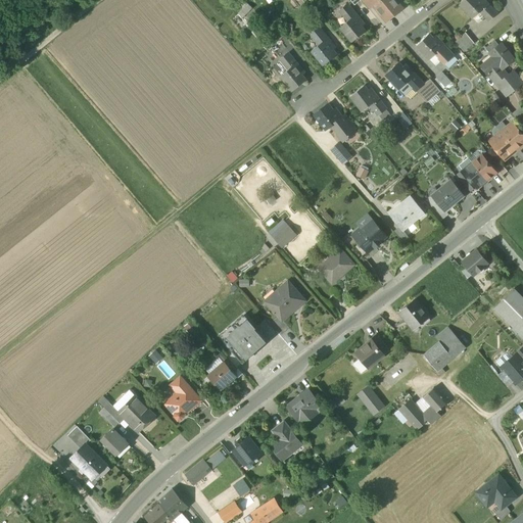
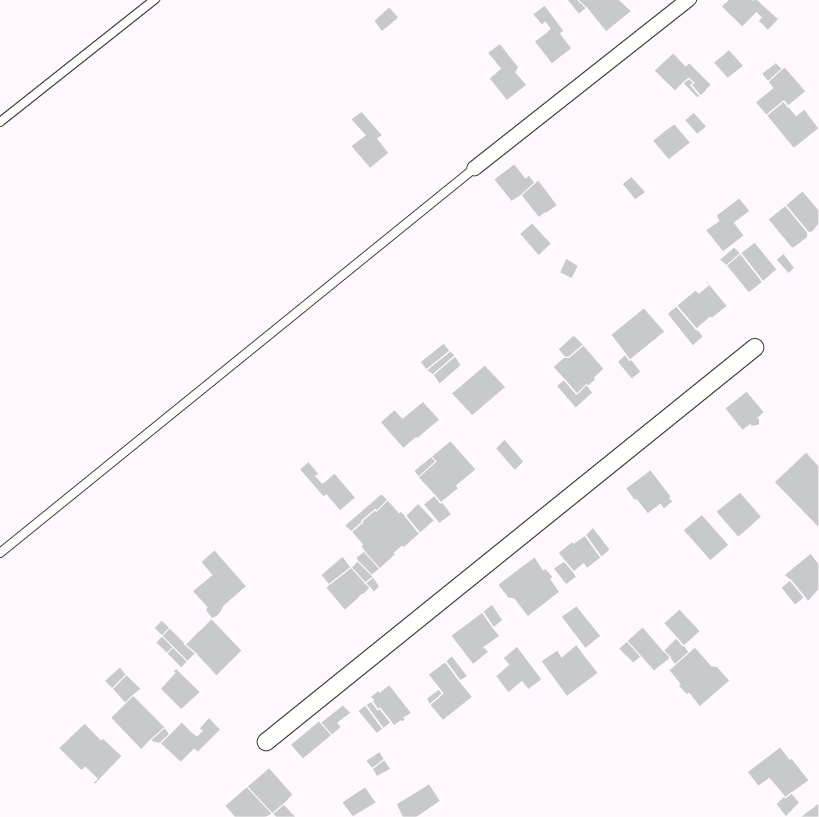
building: [280,53,304,90] -> [351,111,389,169]
building: [386,62,423,94] -> none
building: [350,86,386,115] -> none
building: none -> [705,197,750,252]
building: [319,249,353,282] -> [451,365,506,416]
building: none -> [380,401,440,449]
building: none -> [299,461,356,511]
building: [423,341,453,371] -> [715,491,762,537]
building: none -> [498,556,560,617]
building: [165,376,200,420] -> [192,549,247,618]
building: none -> [541,644,599,697]
building: none -> [495,646,542,693]
building: none -> [669,647,730,707]
building: none -> [160,717,221,762]
building: none -> [59,722,122,784]

